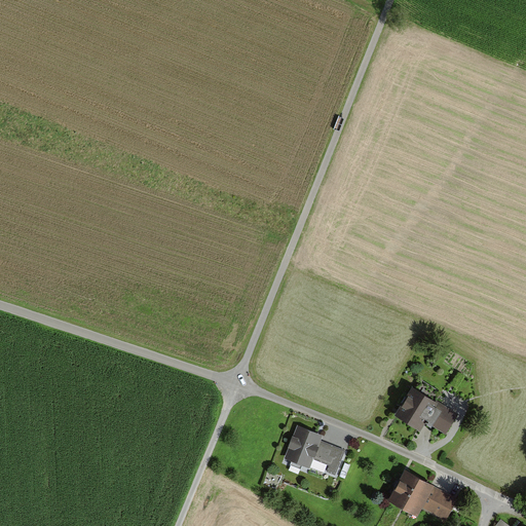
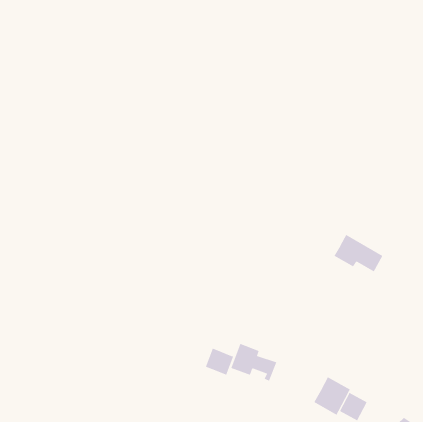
building: [394,387,456,435] -> [334,234,383,272]
building: none -> [205,348,234,376]

